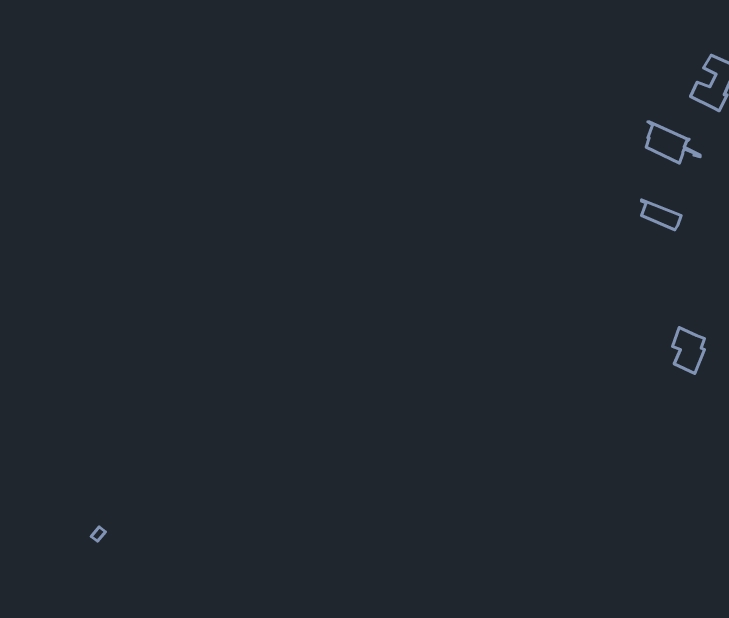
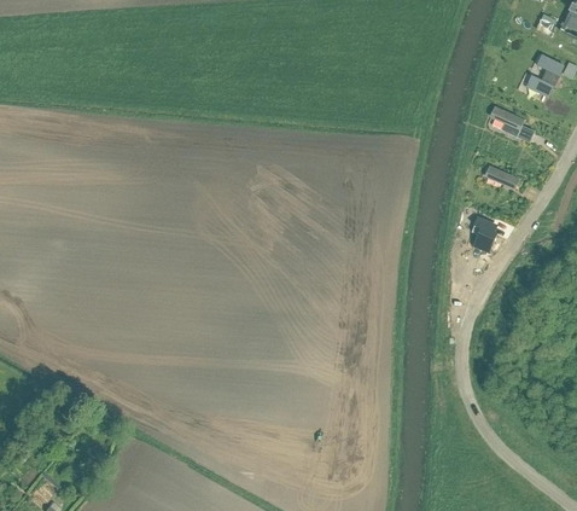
building: [673,327,704,373] -> [471,216,495,251]

